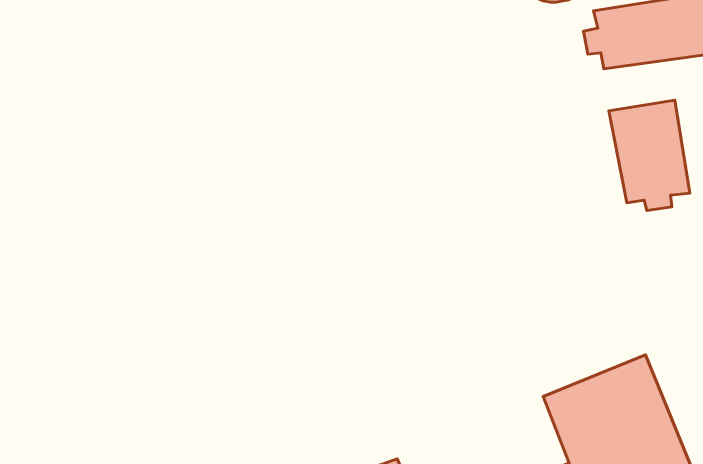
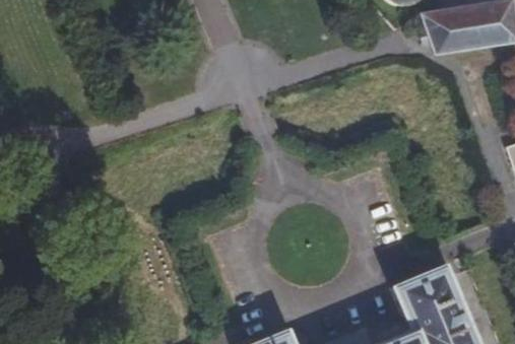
building: [609,100,690,211] -> none

